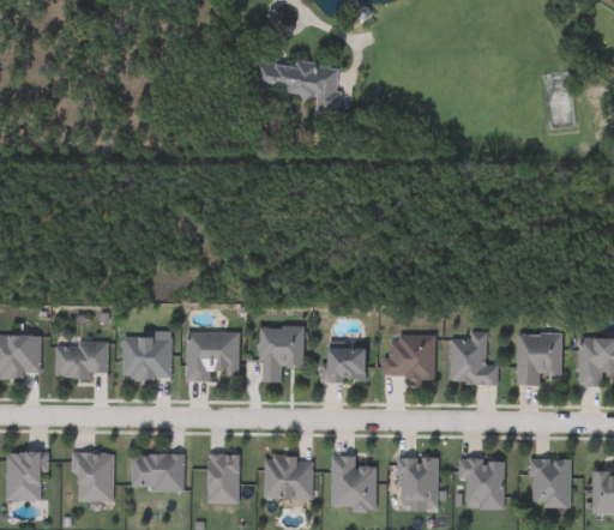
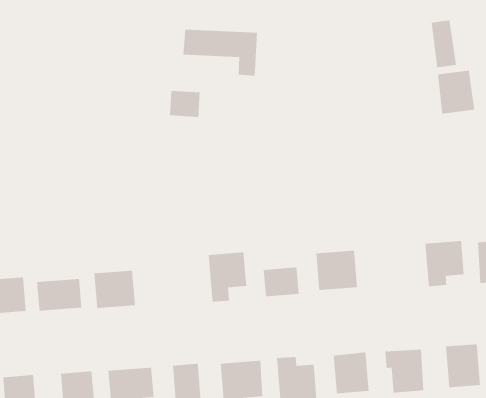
building: none -> [169,90,200,118]
building: none -> [437,70,475,115]
building: [186,332,239,380] -> none
building: [450,335,498,384] -> none

